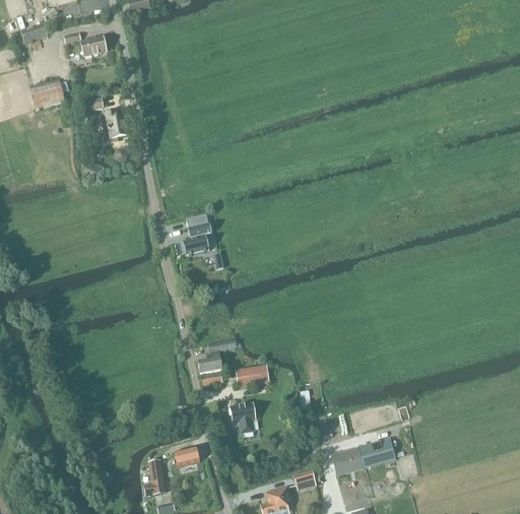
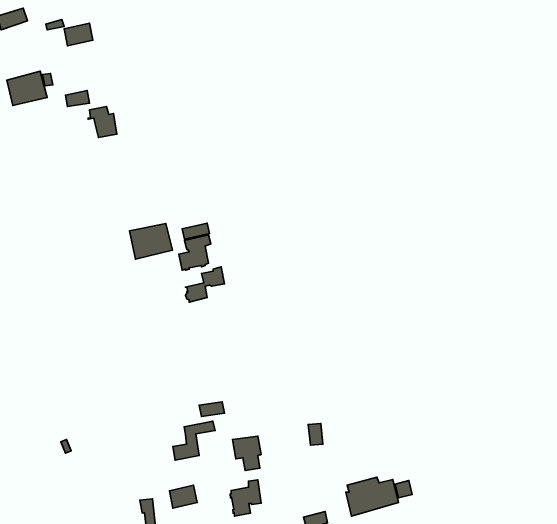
building: none -> [129,224,172,259]
building: [199,339,237,374] -> [173,421,215,460]
building: [237,366,269,387] -> none
building: none -> [230,480,261,516]

